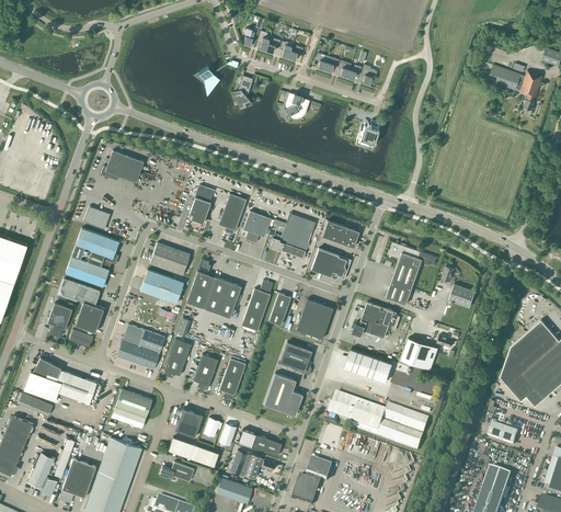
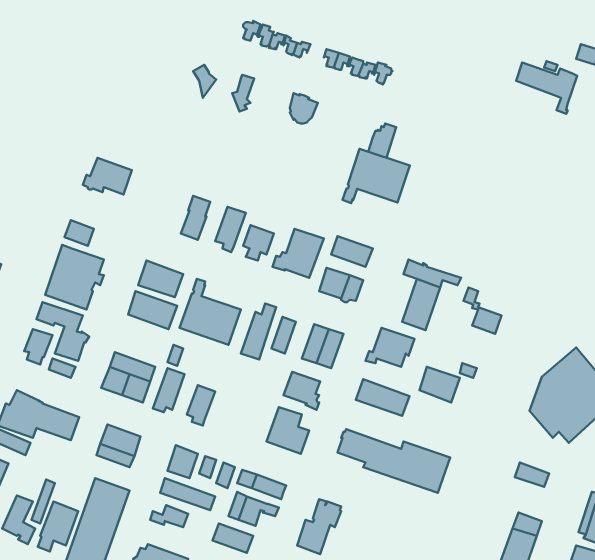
building: none -> [343,149,410,203]
building: [219,355,245,399] -> none

